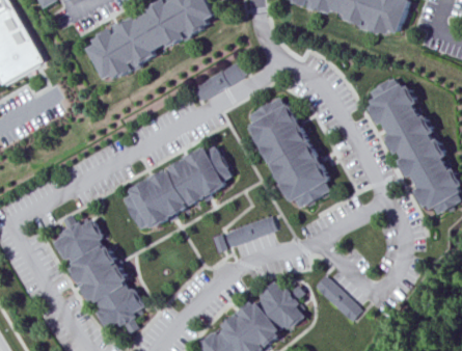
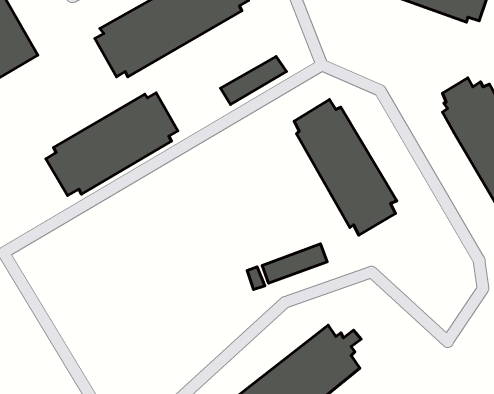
building: [126,144,234,228] -> [46,93,178,196]
building: [56,214,146,332] -> none
building: [310,274,358,322] -> none

